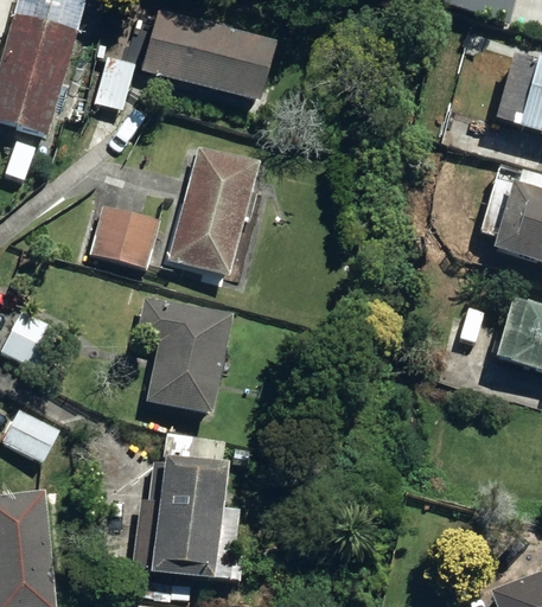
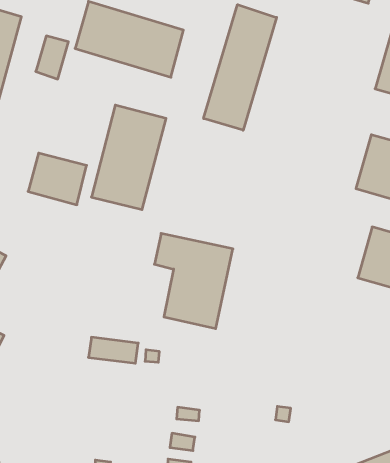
building: none -> [204,5,277,130]
building: [134,295,231,413] -> [154,233,233,329]
building: [132,456,224,574] -> none

